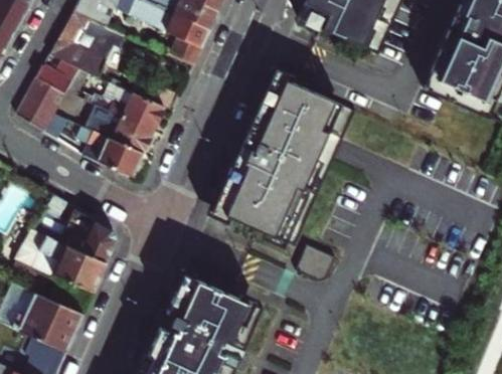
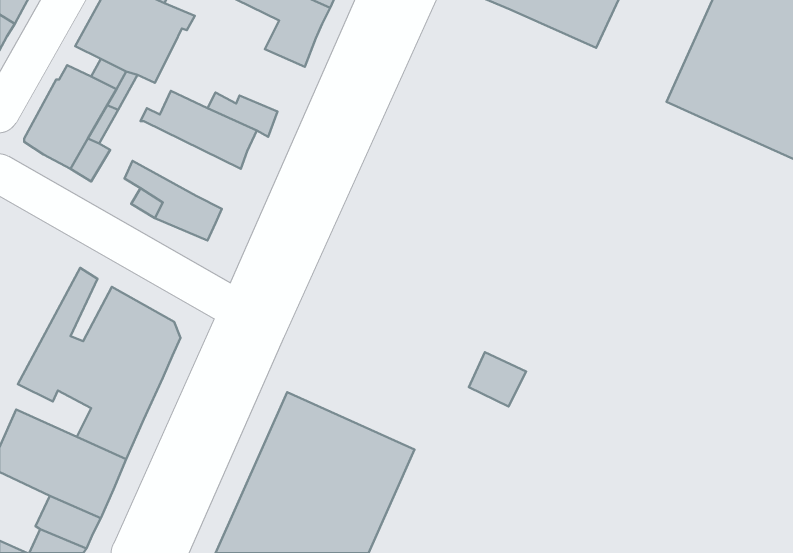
building: [211,72,353,246] -> none
building: [88,101,153,156] -> none

